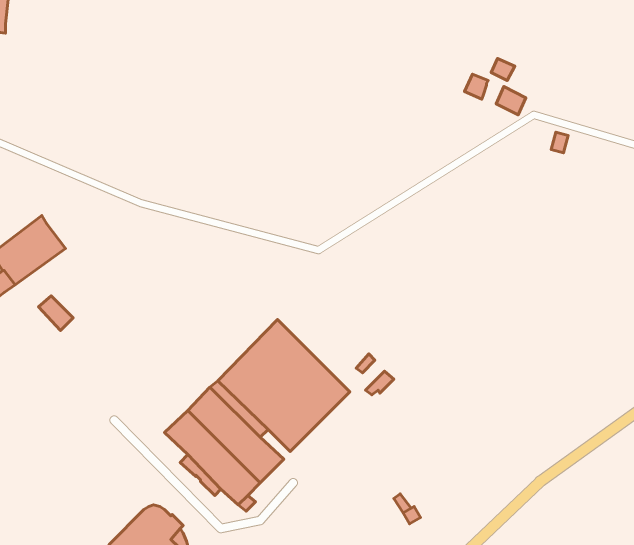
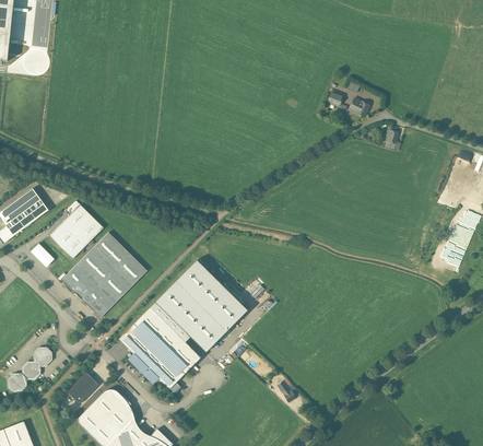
building: none -> [49,204,104,259]
building: none -> [61,233,148,318]
building: none -> [9,348,52,391]
building: none -> [67,373,98,404]

